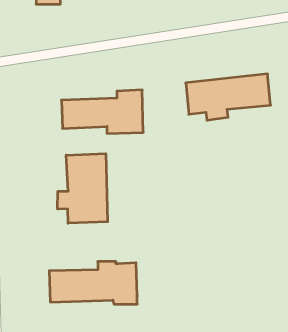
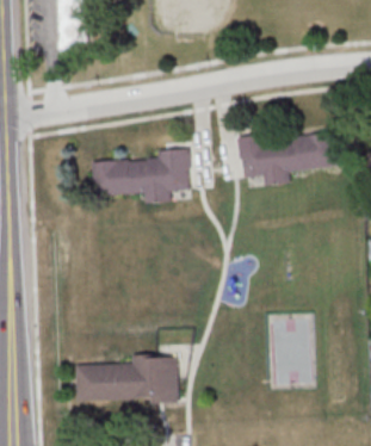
building: [58,154,108,223] -> none

